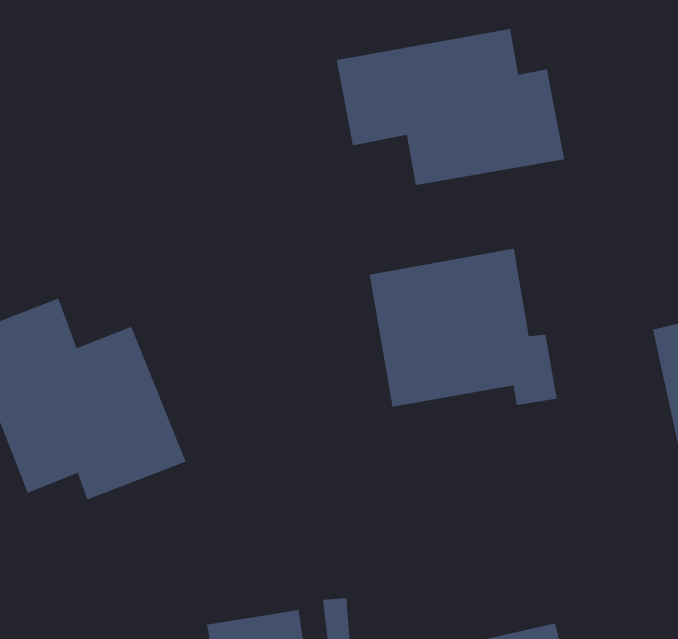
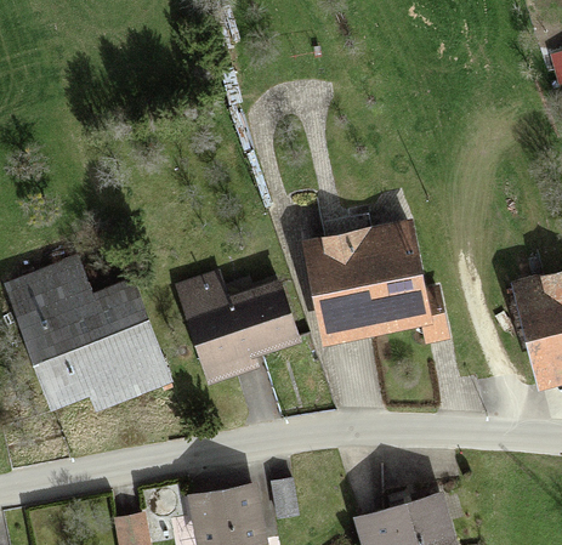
building: [336,28,565,186] -> none
building: none -> [180,277,303,379]

